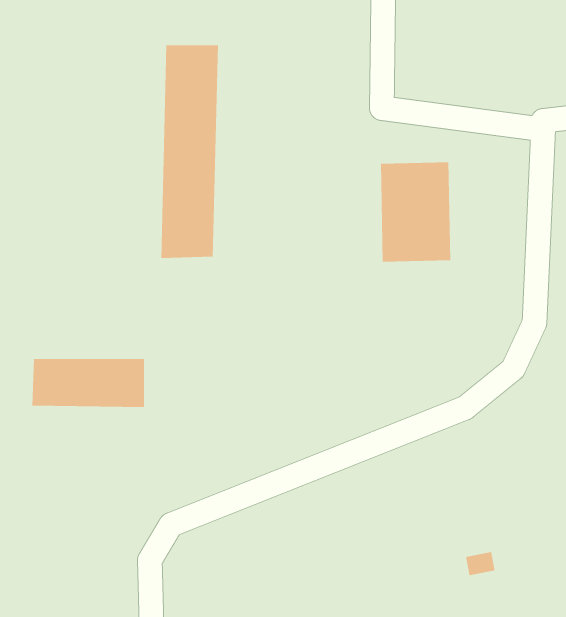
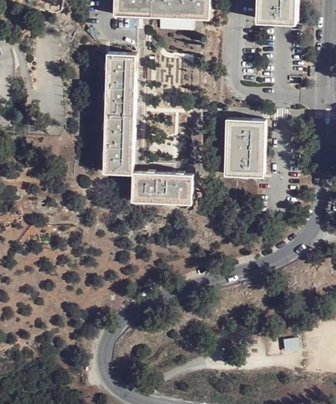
building: [31,358,145,408] -> [129,174,193,202]

